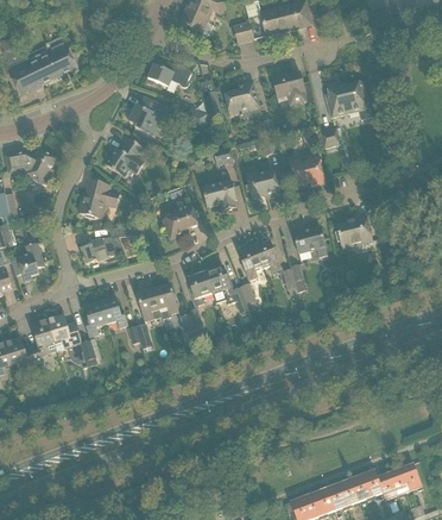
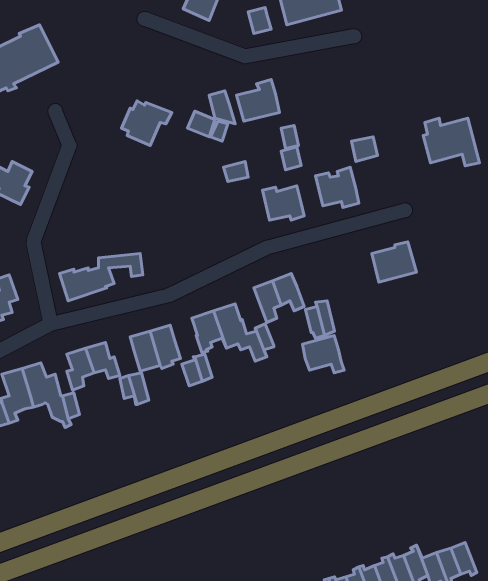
building: [146,57,190,92] -> none
building: [271,71,307,104] -> none
building: [324,80,371,119] -> [423,118,479,166]
building: [105,137,143,175] -> none
building: [77,180,119,218] -> none
building: [201,181,235,209] -> none
building: [162,201,197,238] -> none
building: [292,225,327,256] -> [302,336,344,373]

